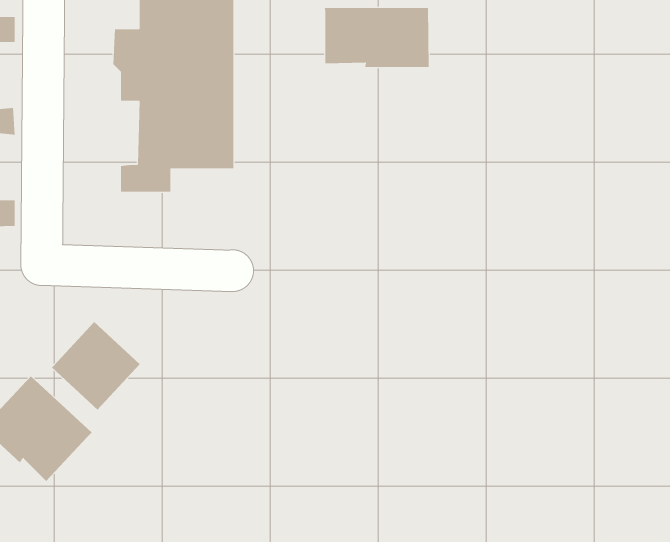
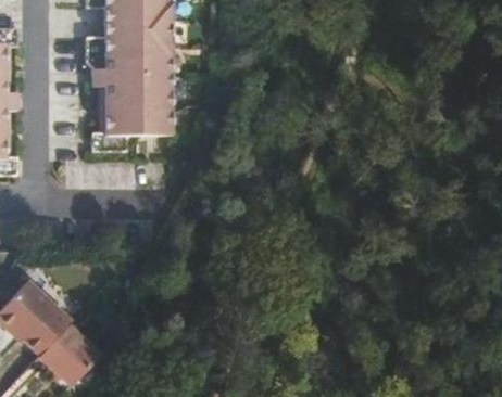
building: [324,7,429,68] -> none
building: [51,321,140,410] -> [37,322,100,385]

